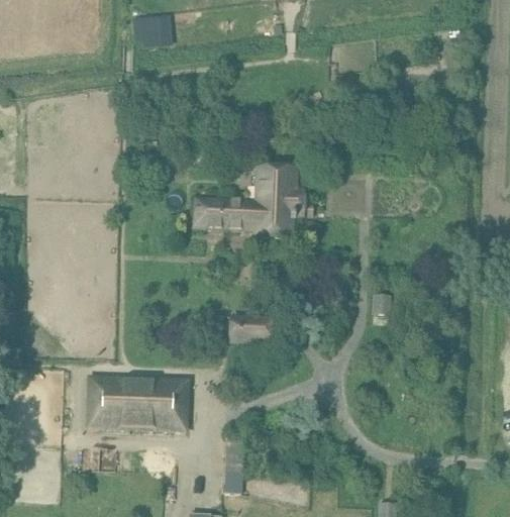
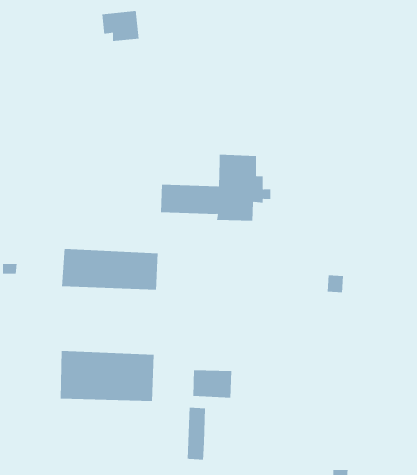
building: none -> [62,248,158,291]
building: [230,313,273,343] -> [192,370,232,398]

